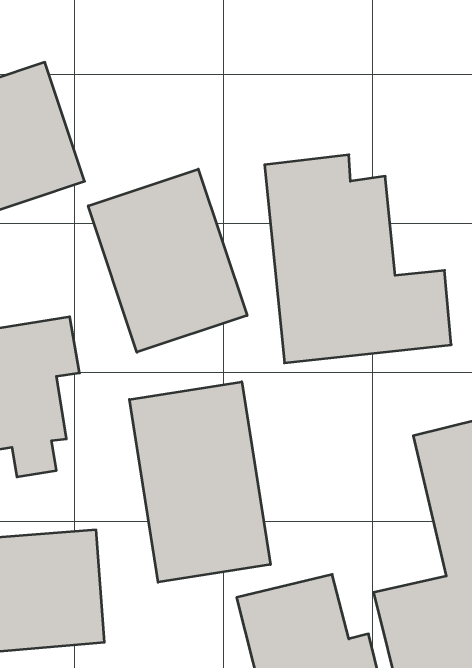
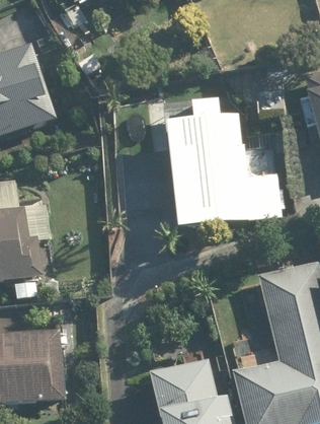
building: [88,169,247,352] -> none
building: [129,382,270,582] -> none

